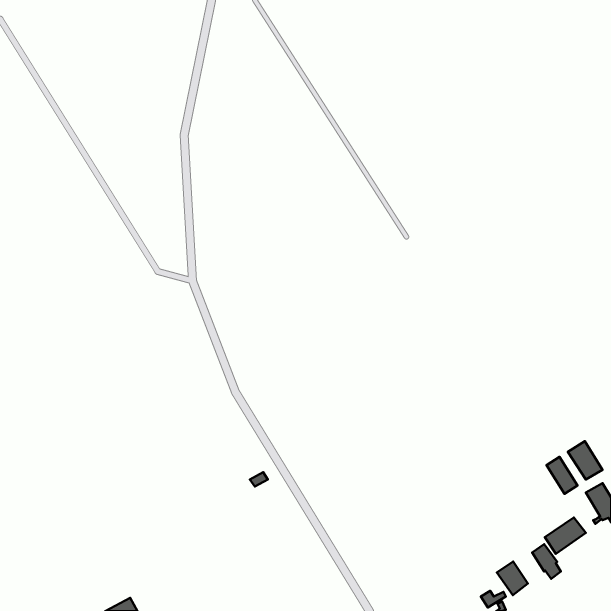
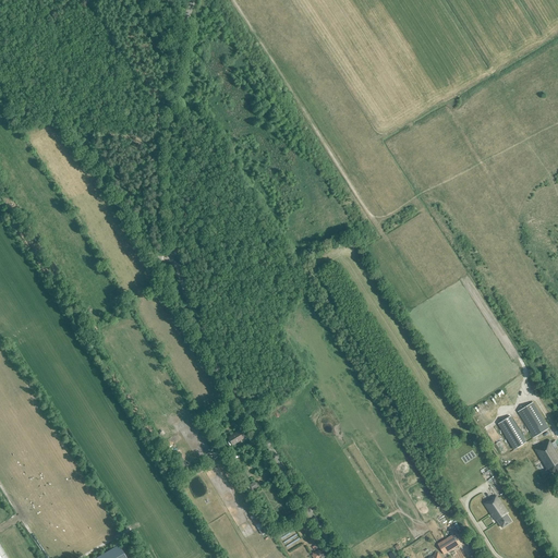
building: [545,518,586,554] -> none
building: [497,561,528,595] -> none

